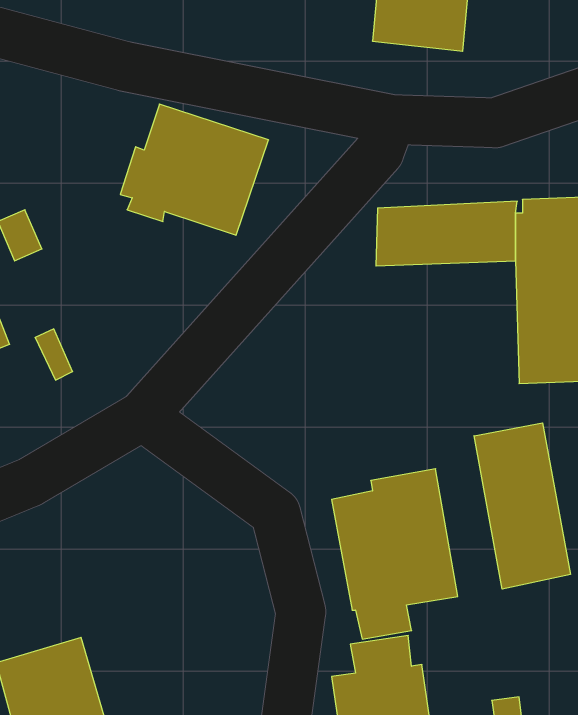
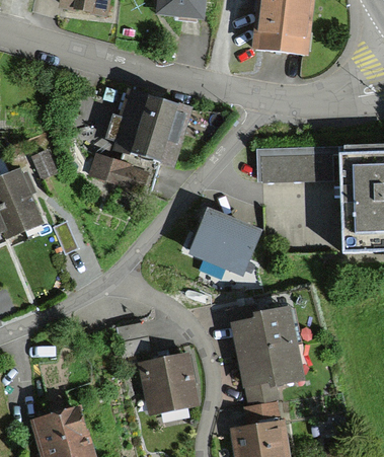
building: none -> [89,153,151,195]
building: none -> [188,208,260,277]
building: [474,423,570,589] -> none
building: none -> [138,353,199,413]

